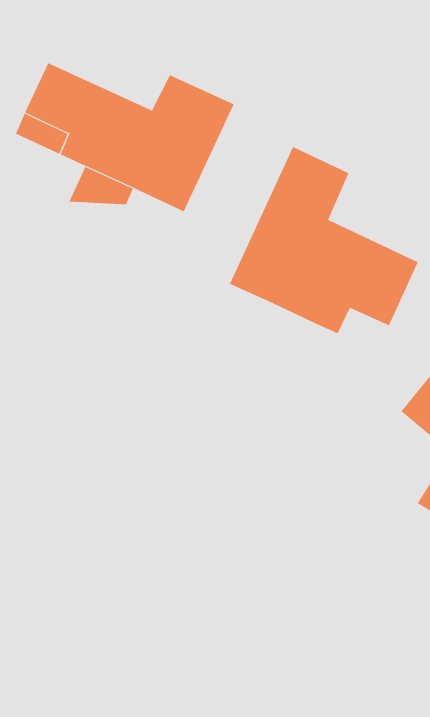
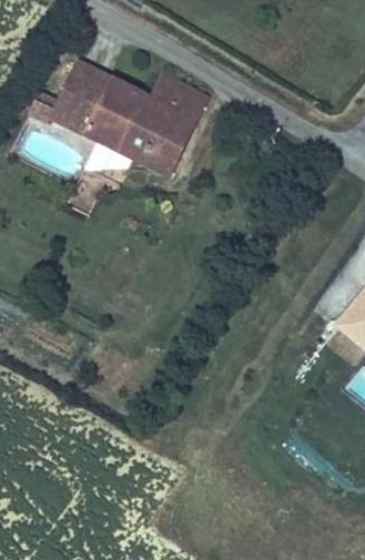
building: [229,146,419,334] -> none

